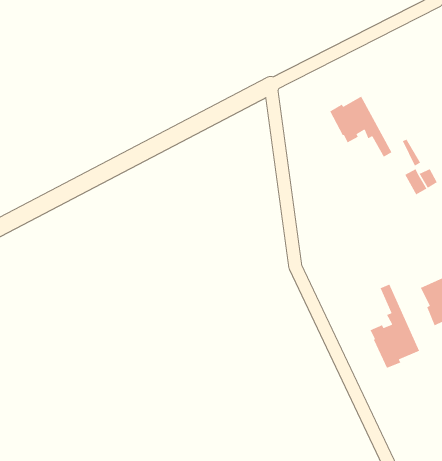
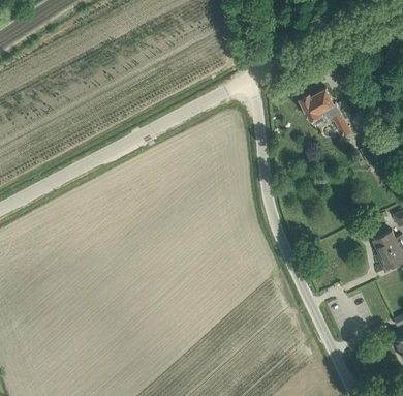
building: [370,284,420,369] -> none

